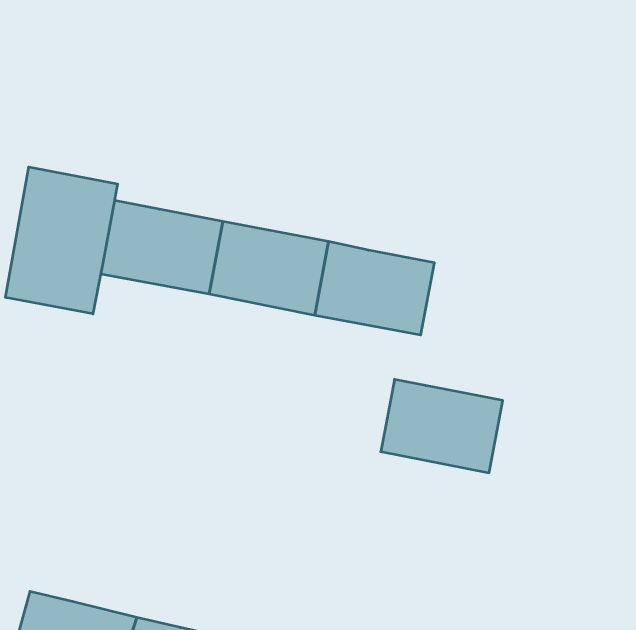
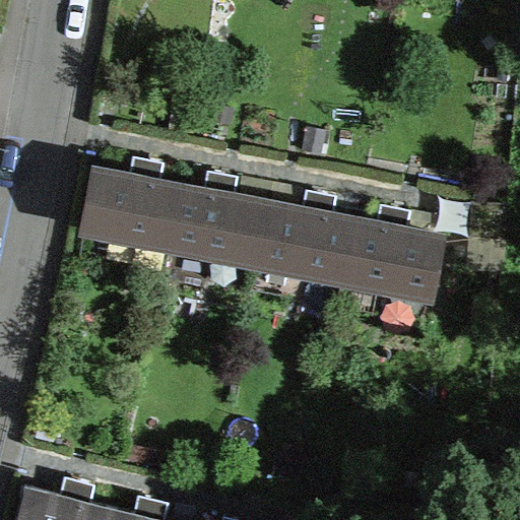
building: [5,167,118,314] -> none
building: [381,379,503,473] -> [343,219,443,296]

